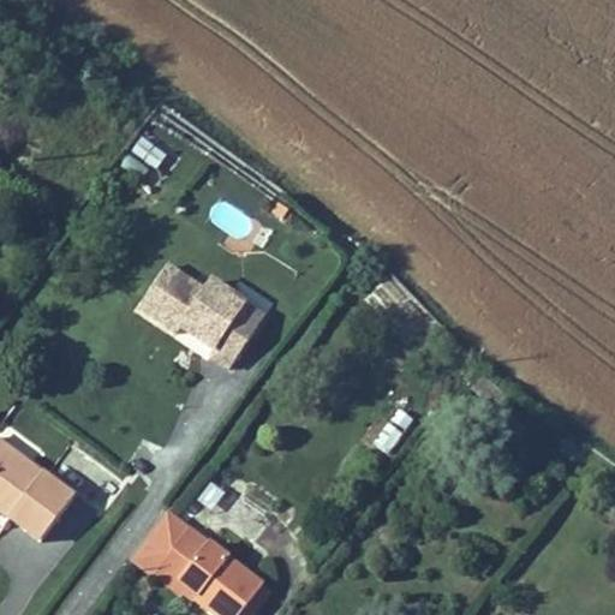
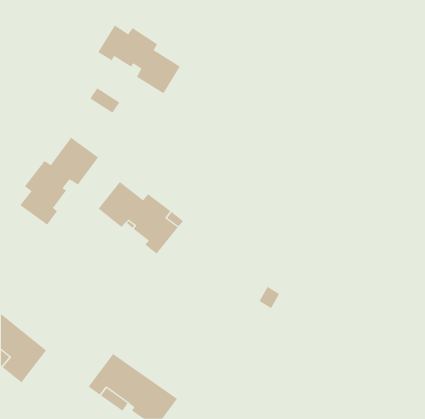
building: none -> [98,25,181,94]
building: none -> [20,137,99,226]

